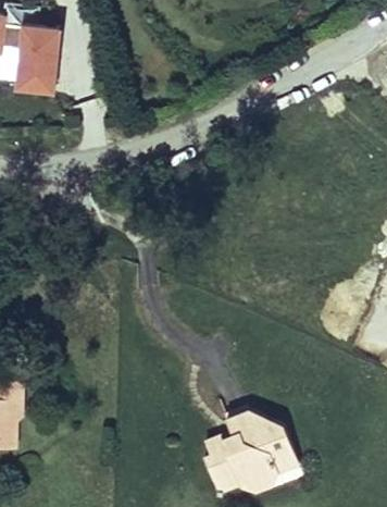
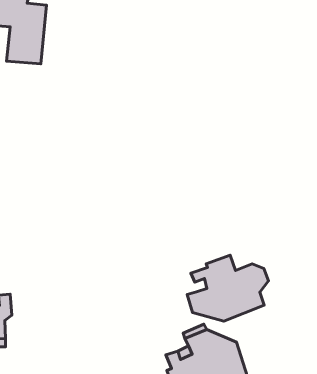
building: none -> [187,255,269,321]

